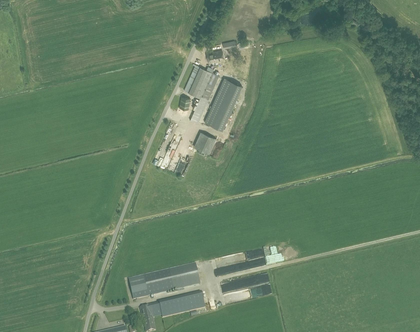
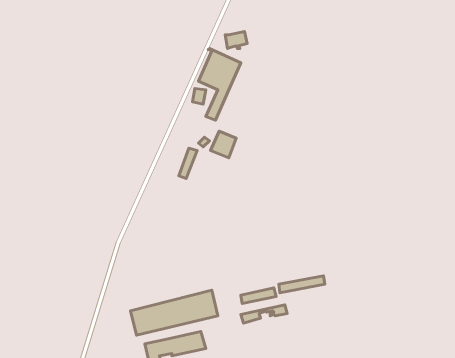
building: [204,77,241,129] -> none

